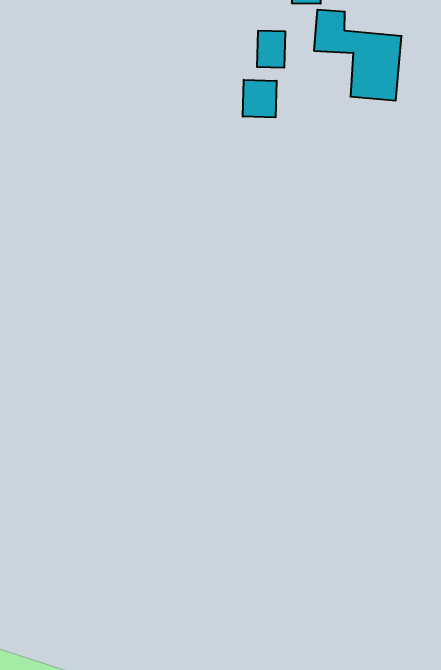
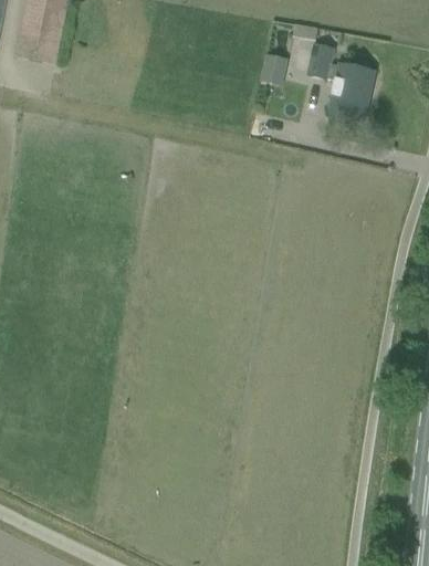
building: [243,80,277,117] -> none

